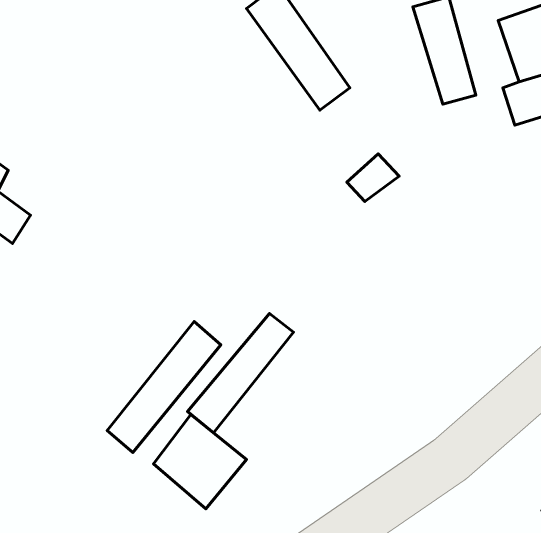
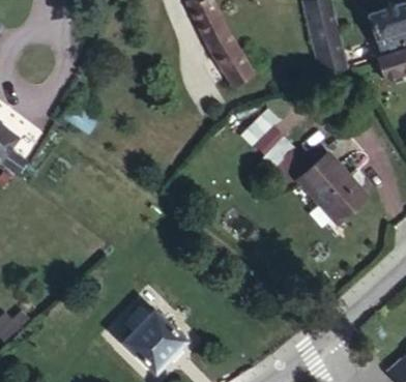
building: none -> [298,147,369,218]
building: [187,313,294,433] -> none
building: [107,321,221,452] -> none

